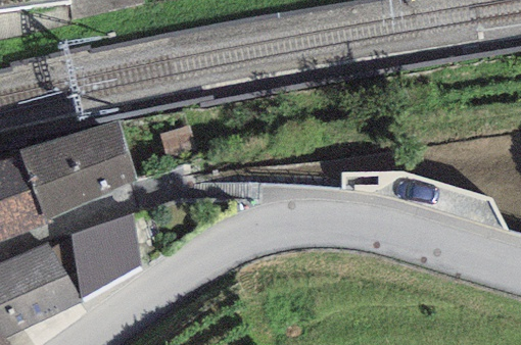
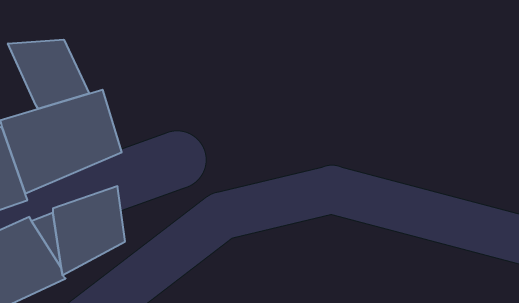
building: none -> [8,40,89,109]

